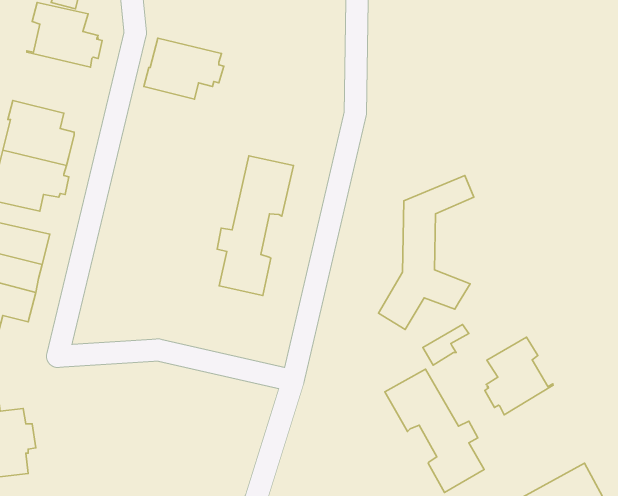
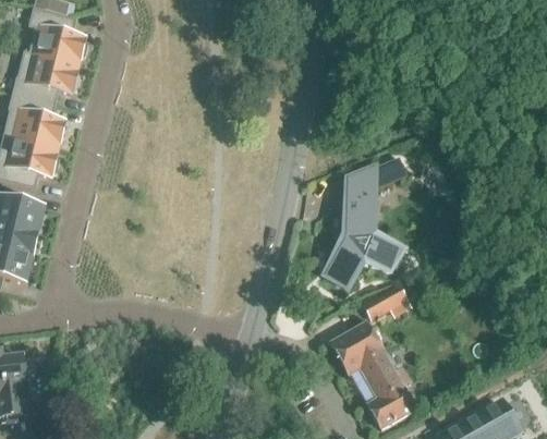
building: [144,38,224,99] -> [12,50,81,102]
building: [217,156,294,296] -> none
building: [485,337,553,415] -> none

